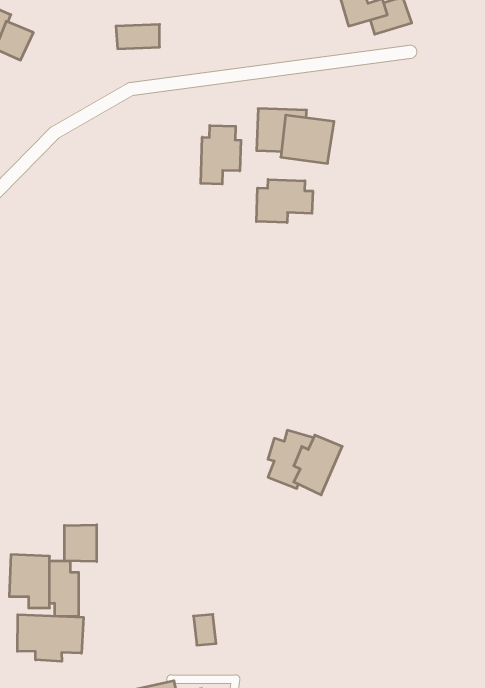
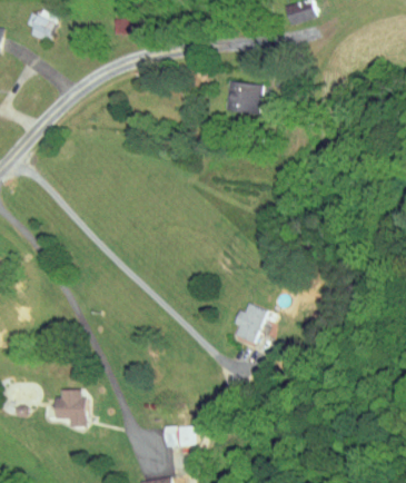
building: [201,125,241,184] -> none
building: [256,179,313,223] -> none
building: [64,525,97,562] -> none
building: [17,615,83,661] -> none

